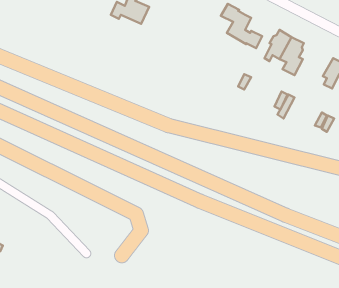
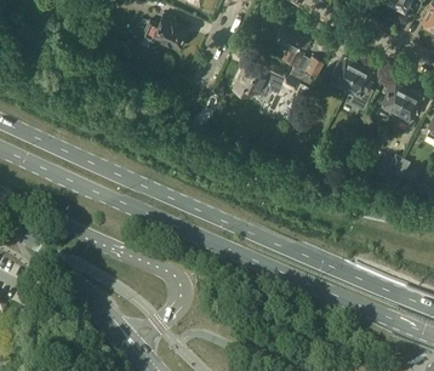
building: none -> [235,63,314,104]
building: none -> [379,81,410,116]

